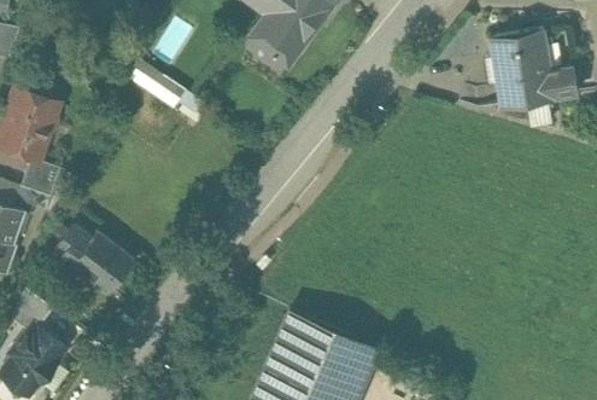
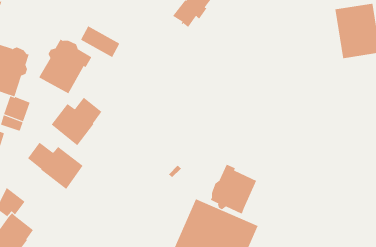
building: none -> [39,38,92,94]
building: none -> [51,97,102,146]
building: none -> [210,164,257,214]

